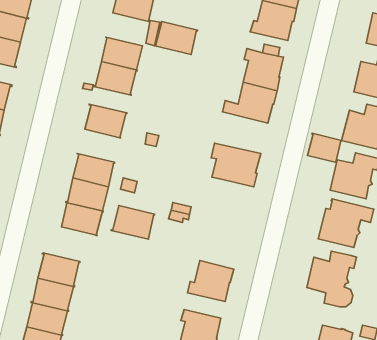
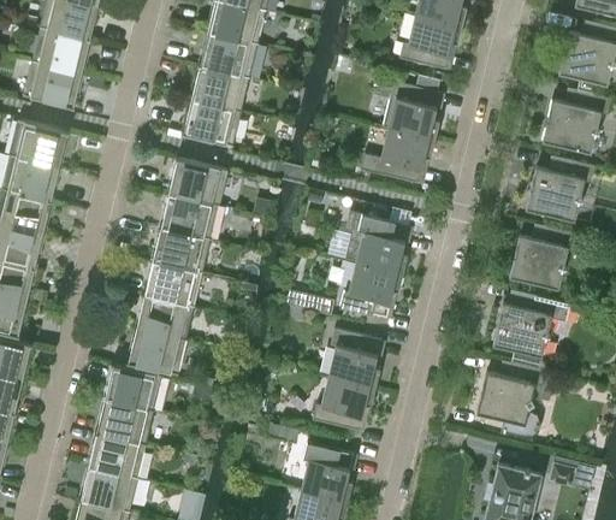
building: [155,21,197,54] -> [197,31,256,77]
building: none -> [158,193,218,238]
building: [308,133,342,162] -> none
building: none -> [338,261,402,318]
building: [111,205,155,239] -> [125,327,185,374]
building: none -> [327,329,384,386]

